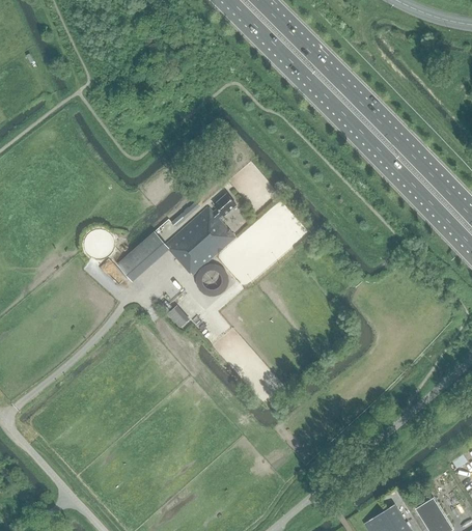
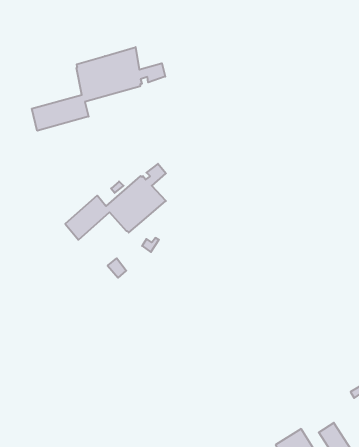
building: none -> [32,47,165,131]

